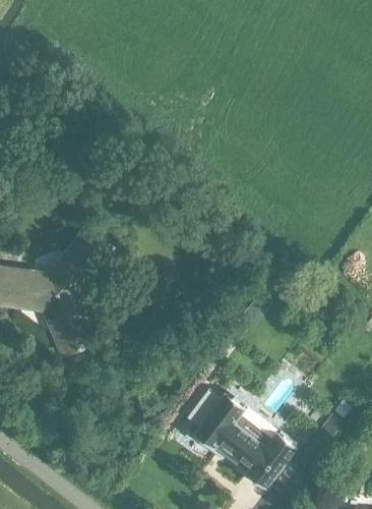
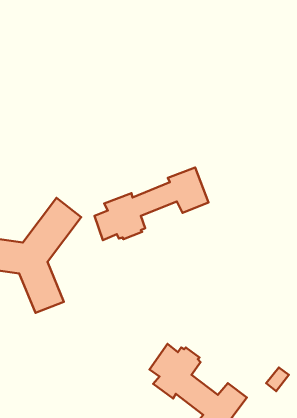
building: none -> [94,167,209,240]

